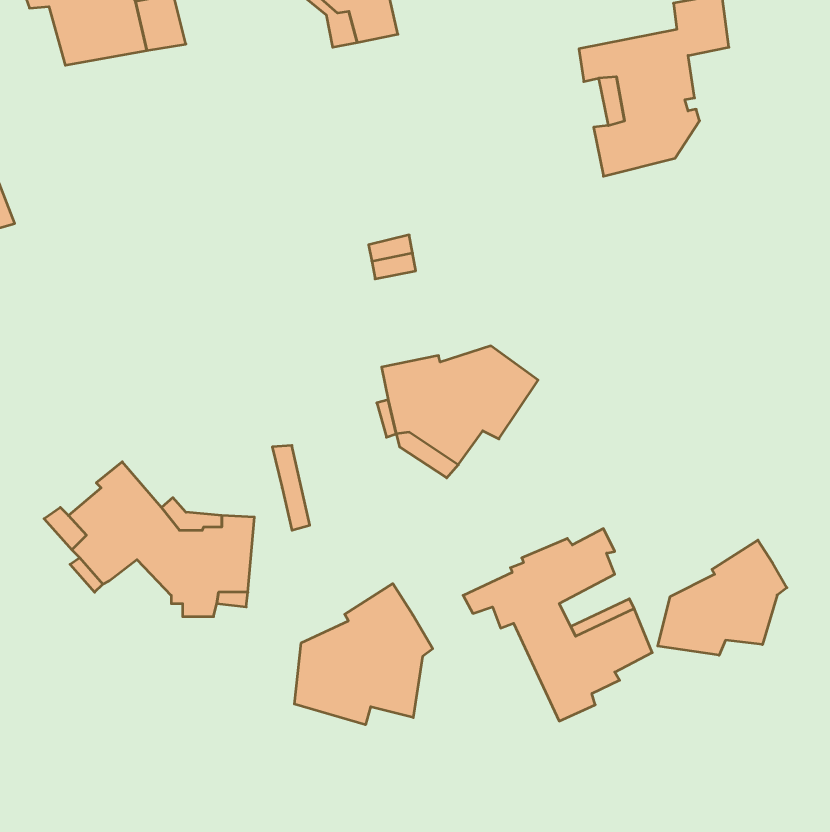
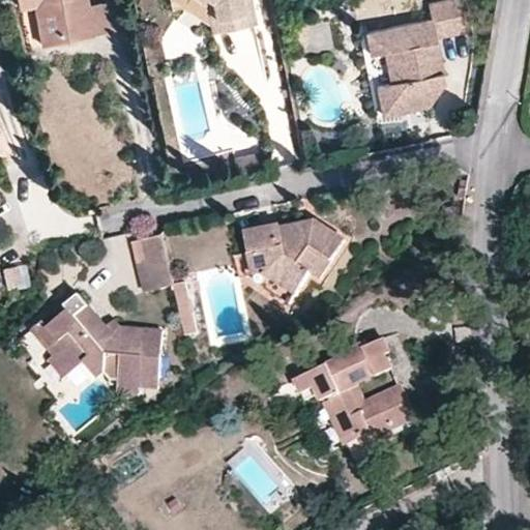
building: none -> [128,231,172,289]
building: [658,540,787,655] -> none
building: [294,584,433,725] -> none

